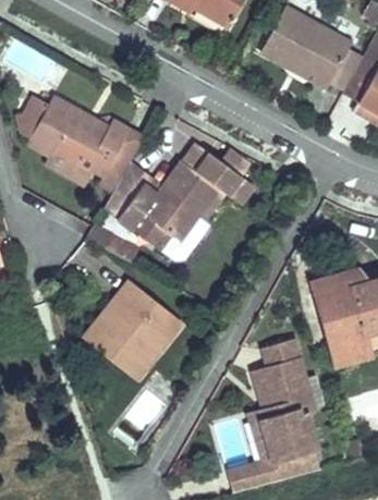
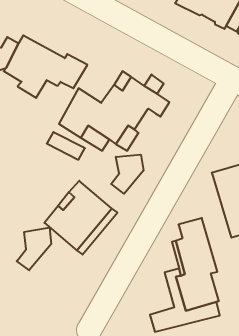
building: [74,154,124,191] -> none
building: none -> [111,155,144,194]
building: none -> [17,227,51,270]

